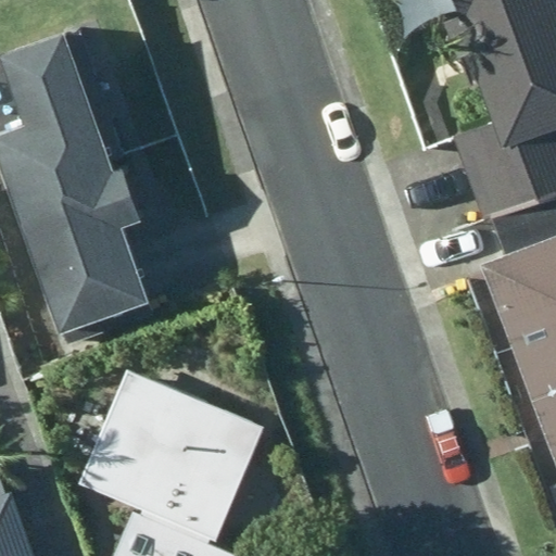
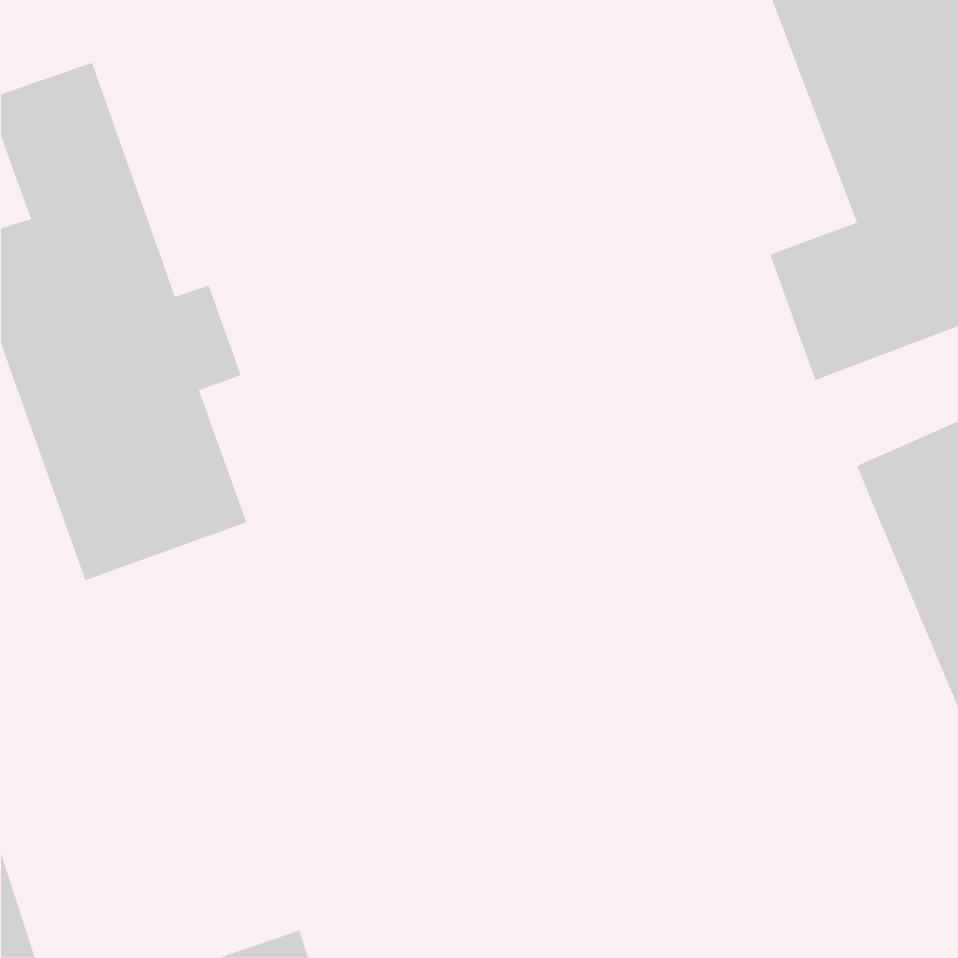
building: [75,353,275,540] -> none

